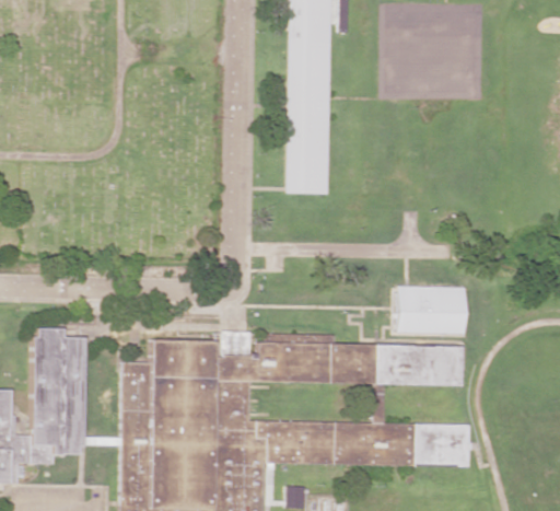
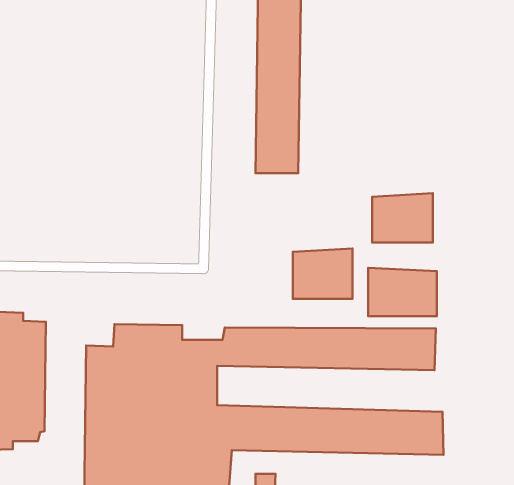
building: none -> [372,193,433,243]
building: none -> [293,248,352,299]

